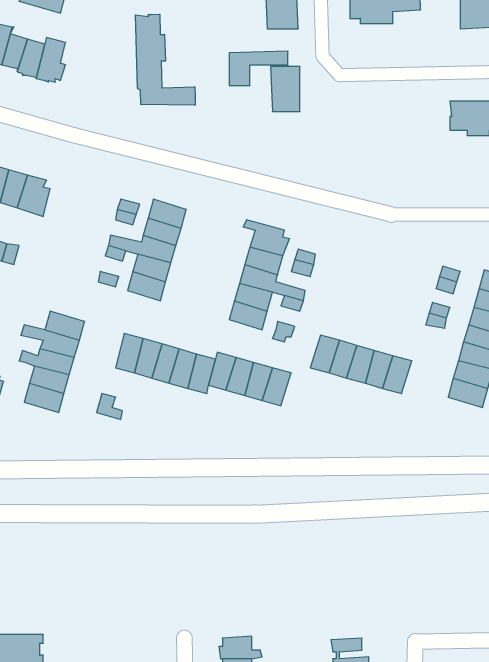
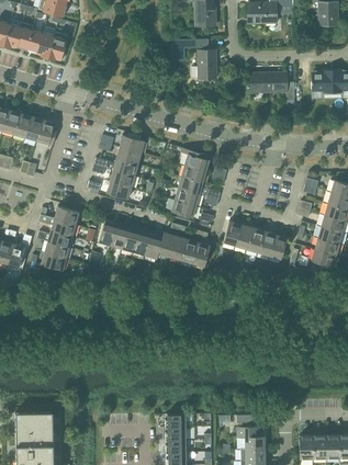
building: [135,14,195,105] -> none
building: none -> [246,73,294,117]

